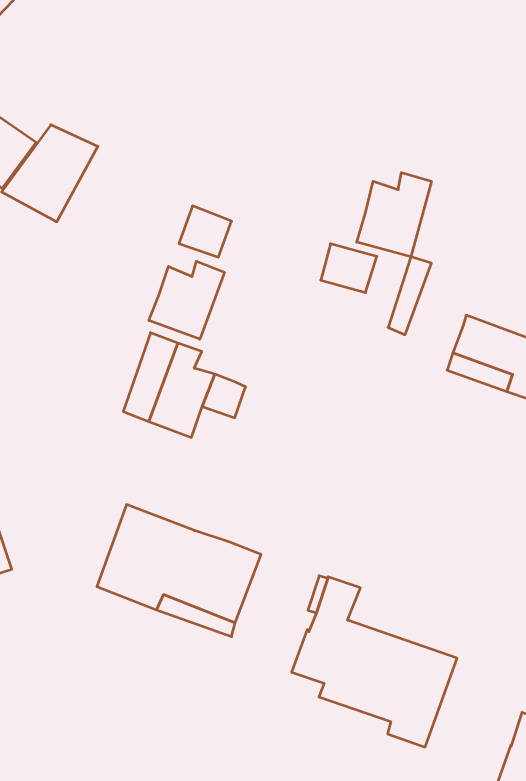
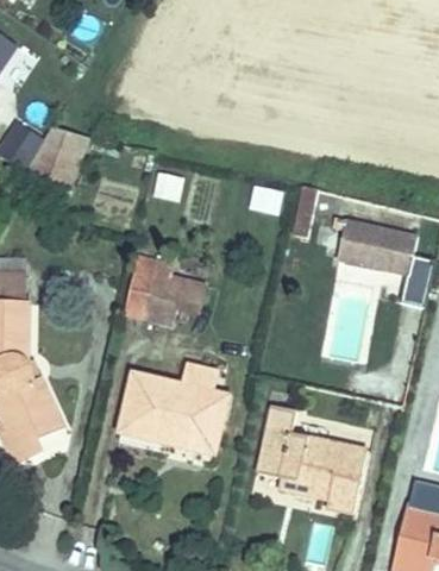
building: [357,173,431,257] -> none
building: [149,261,224,339] -> none

